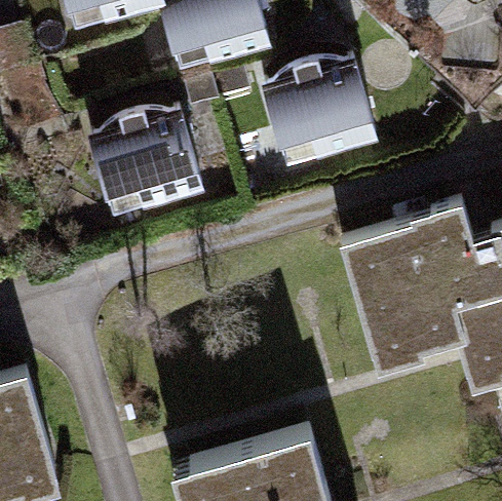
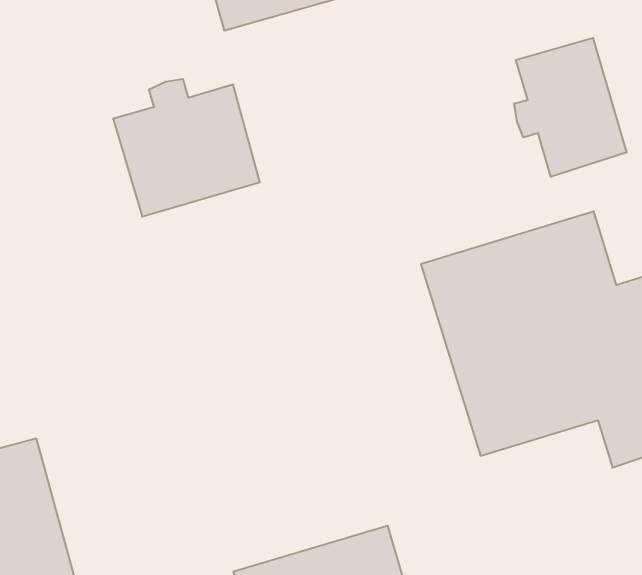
building: [262,47,376,154] -> none
building: none -> [514,38,627,177]

